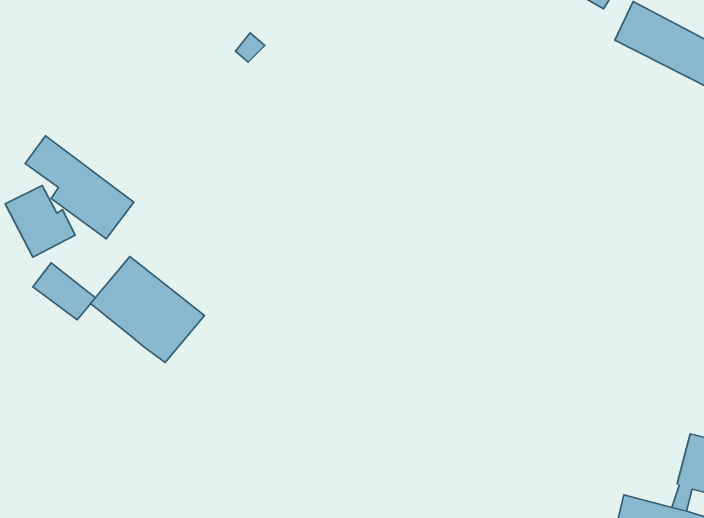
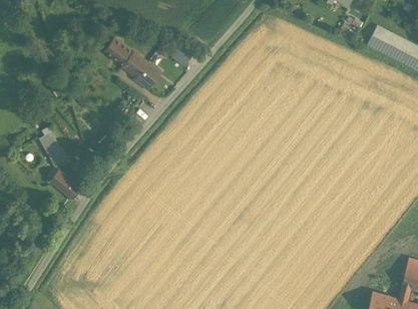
building: [25,136,134,239] -> [105,36,164,92]
building: [91,257,205,363] -> none

